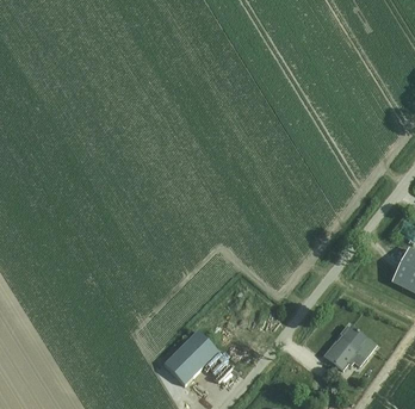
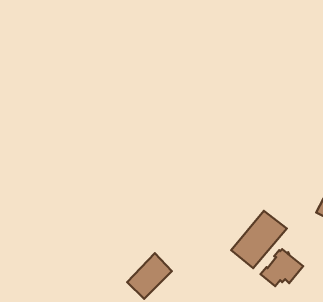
building: none -> [231,211,287,268]

